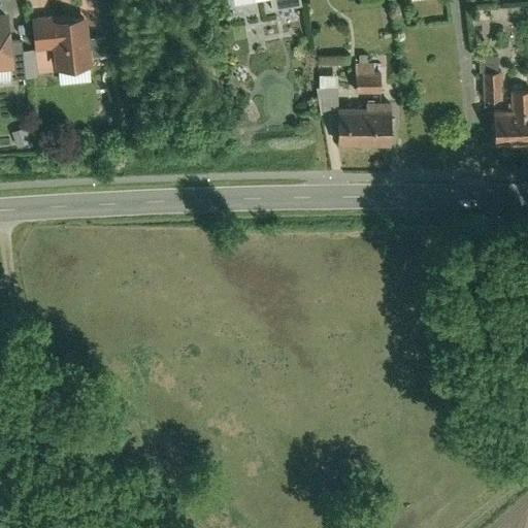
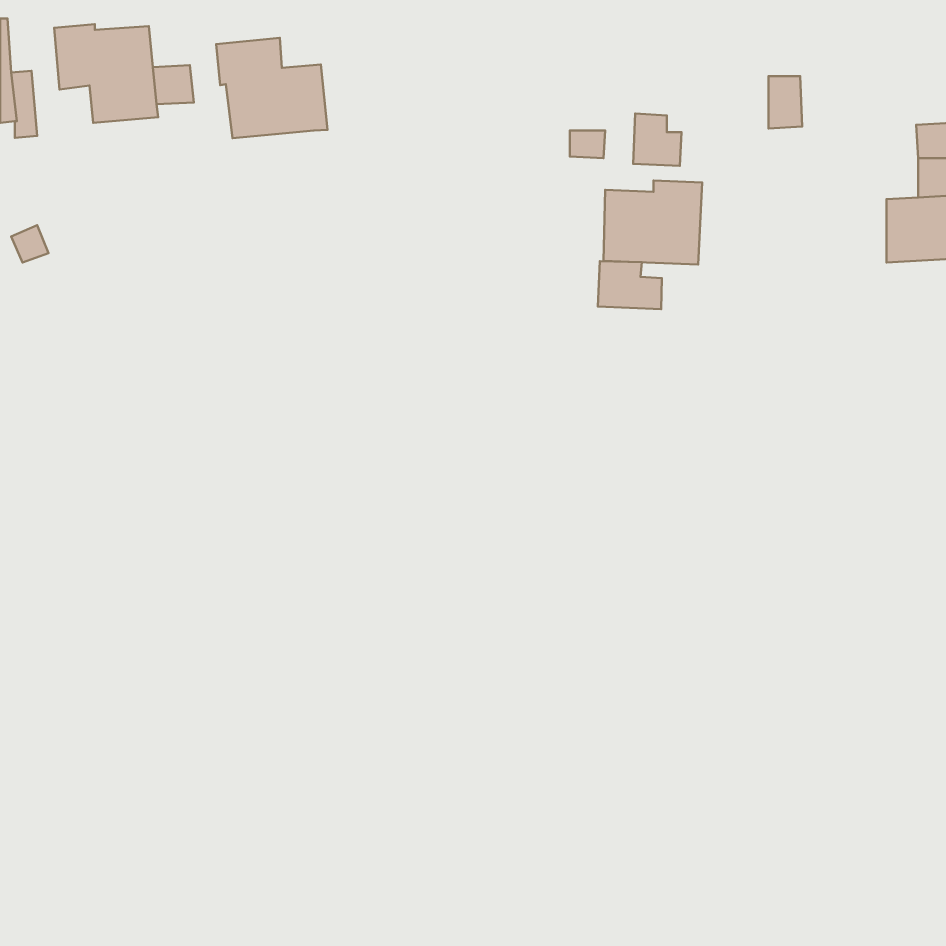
building: none -> [216,38,328,138]
building: [482,73,500,102] -> [769,76,802,128]
building: none -> [598,261,662,309]

